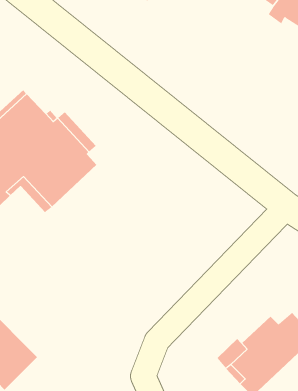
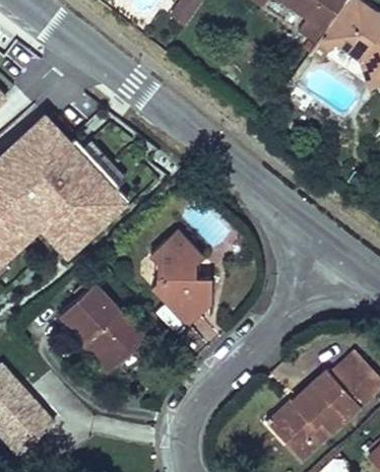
building: none -> [132,243,205,329]
building: none -> [56,288,136,363]

